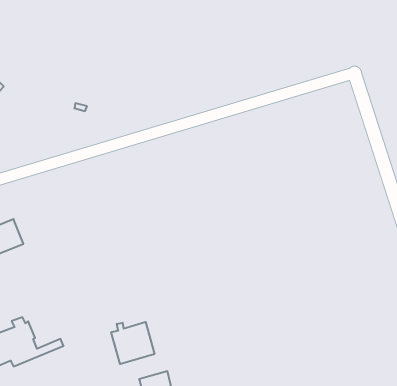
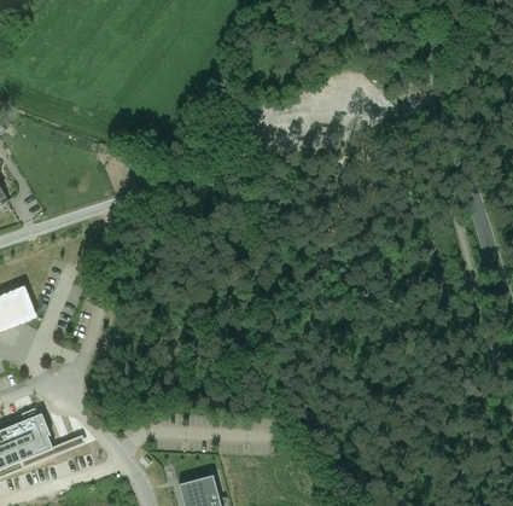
building: [111,322,154,364] -> none

